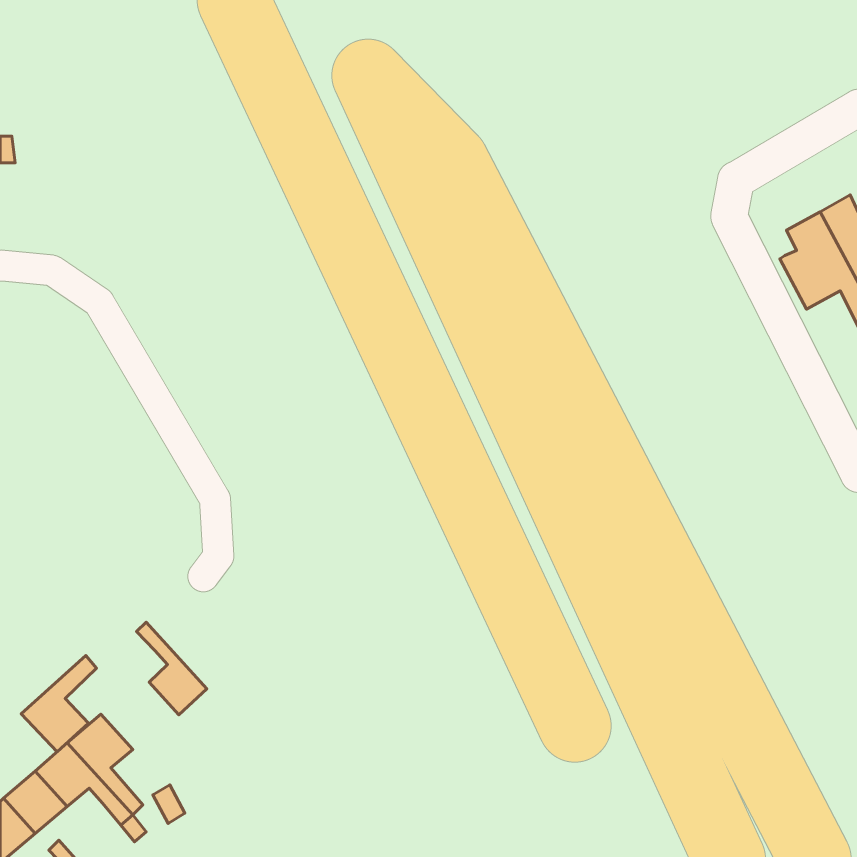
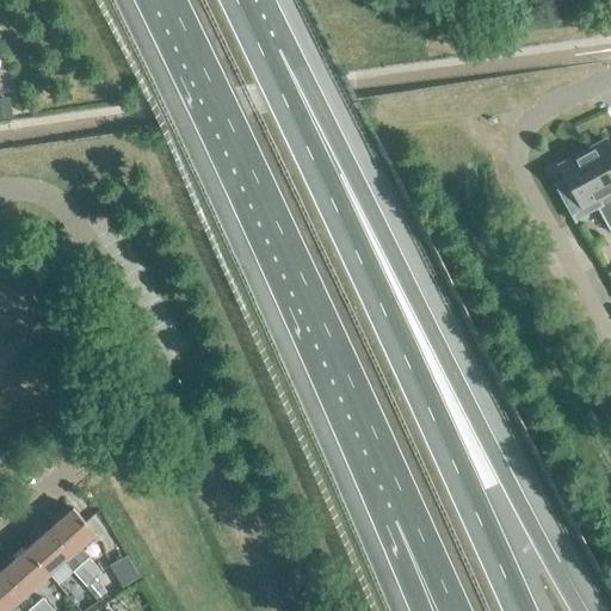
building: [136,622,207,715] -> none
building: [21,655,97,752] -> none

